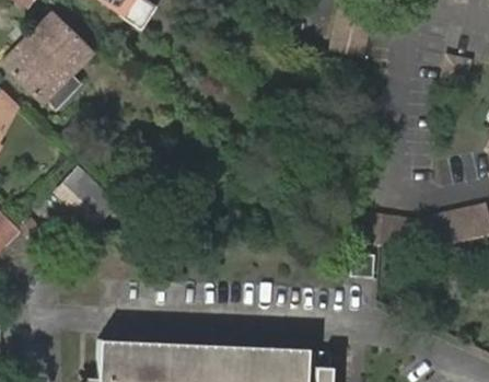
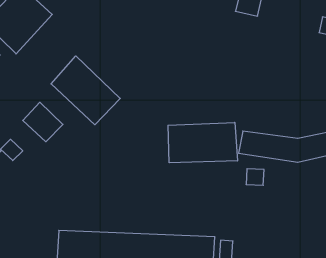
building: none -> [51,56,120,125]
building: none -> [168,122,237,163]

